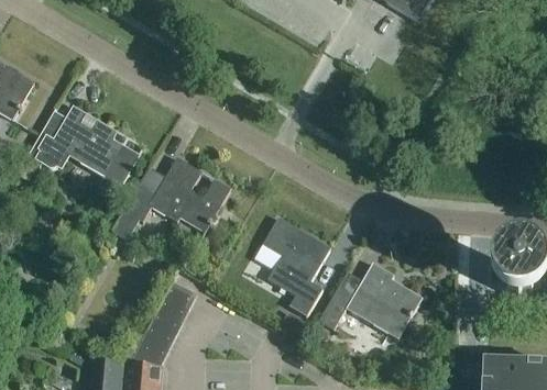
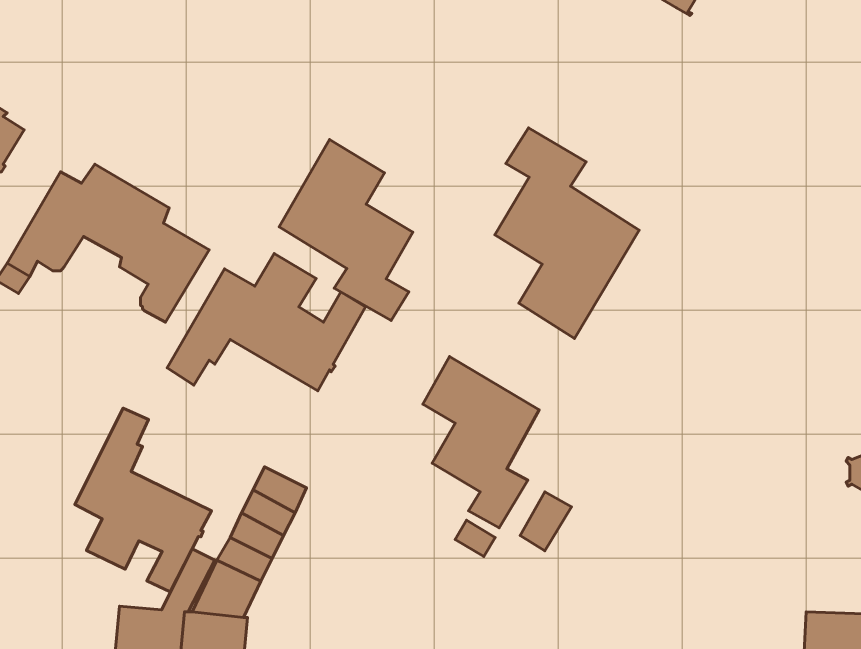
building: none -> [495,128,639,338]
building: none -> [279,140,413,321]
building: none -> [75,408,211,592]
building: [350,264,423,339] -> none

